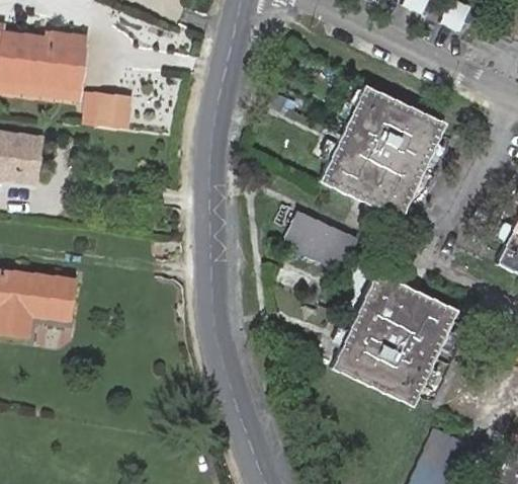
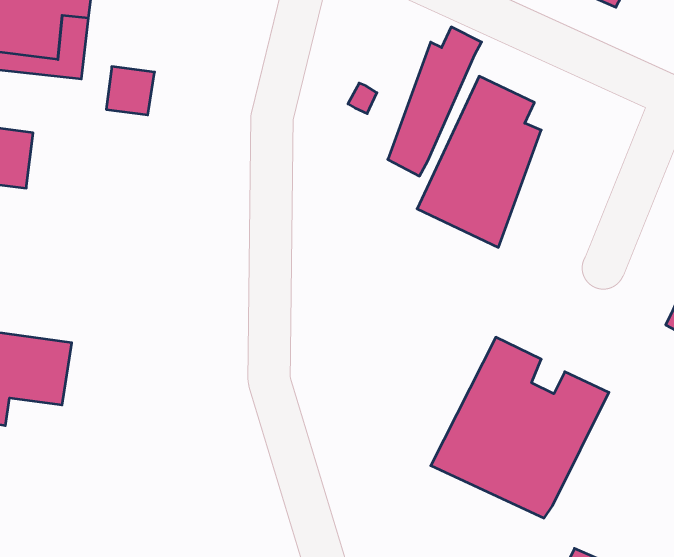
building: [379,112,448,222] -> [388,27,482,176]
building: [282,212,358,276] -> none

